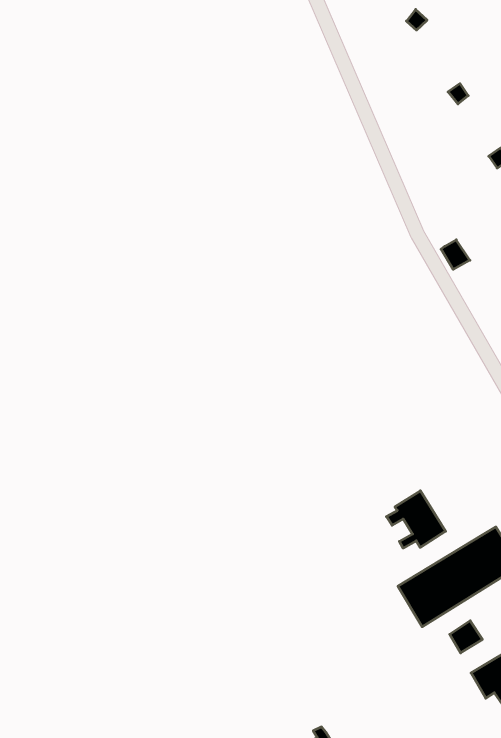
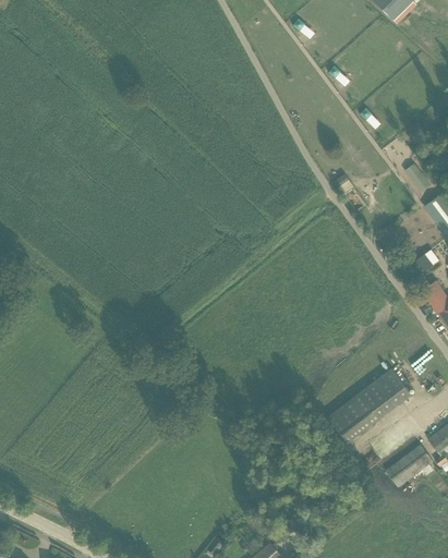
building: [386,491,446,548] -> none

